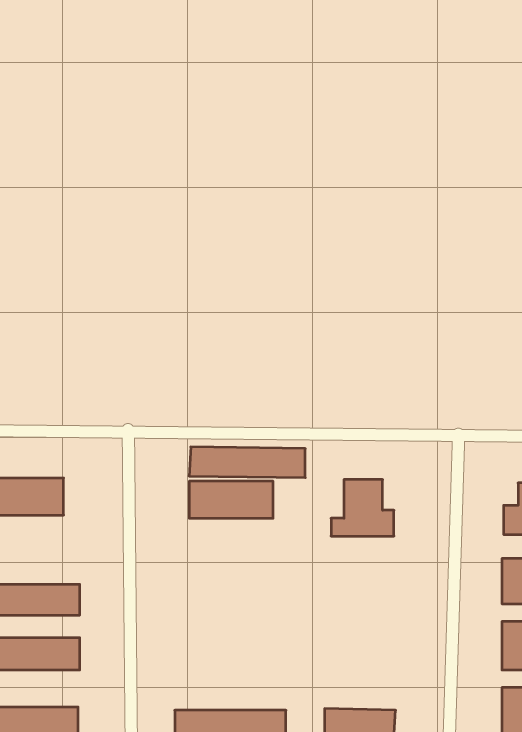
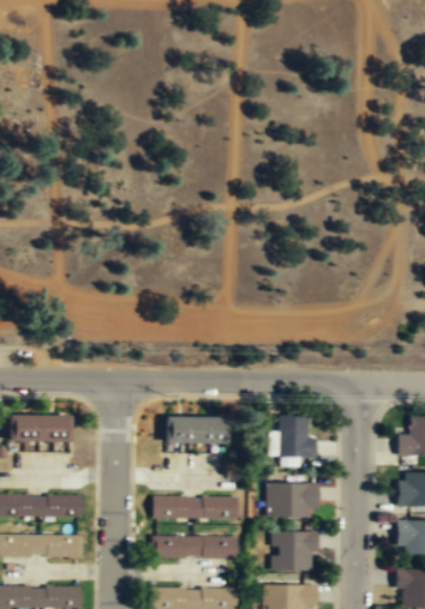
building: [189,447,305,478] -> [151,496,238,519]
building: none -> [267,483,319,517]
building: none -> [273,532,316,572]
building: none -> [151,536,238,559]

